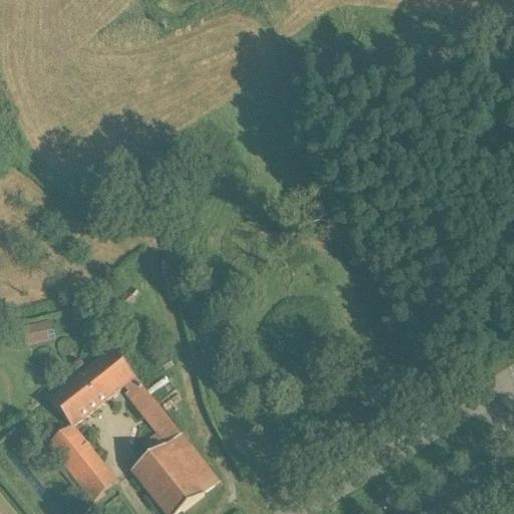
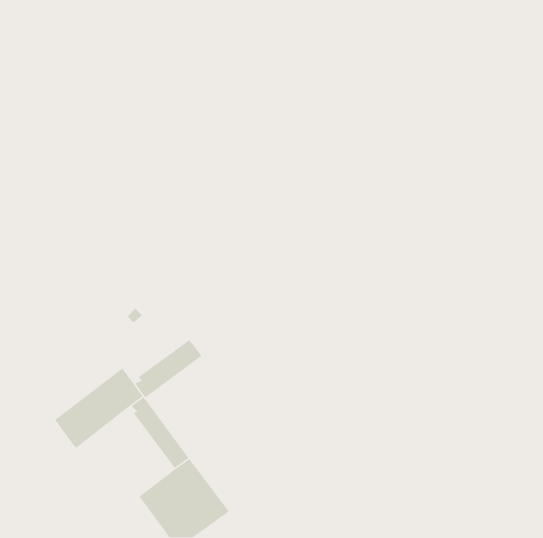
building: none -> [134,339,203,398]
building: [48,422,116,498] -> none

